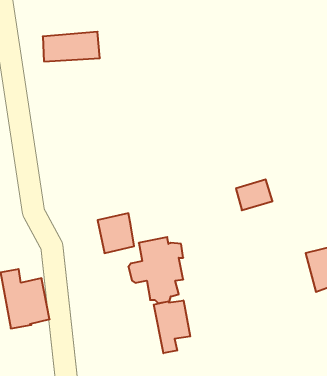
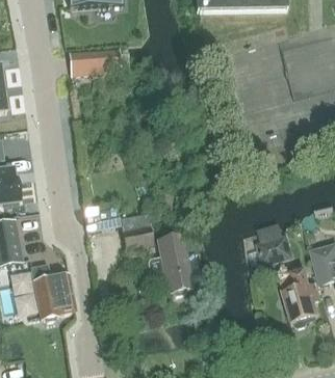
building: [236,179,273,210] -> [257,236,290,264]
building: none -> [281,270,319,326]
building: [154,300,190,353] -> none

